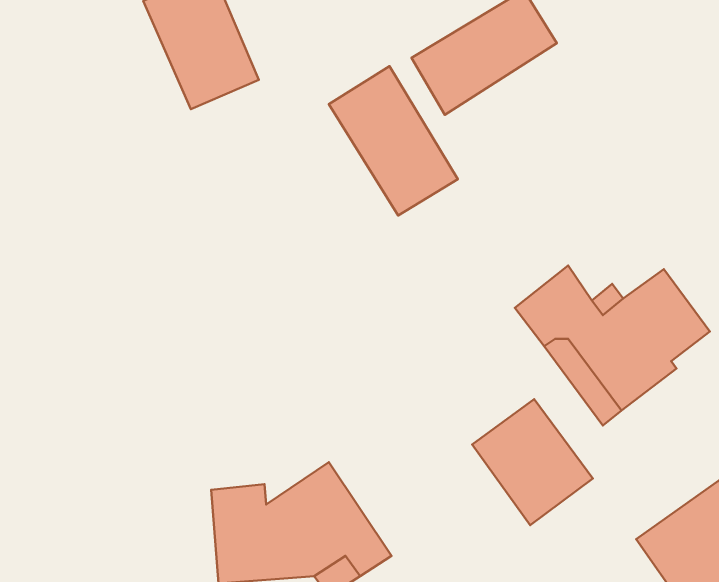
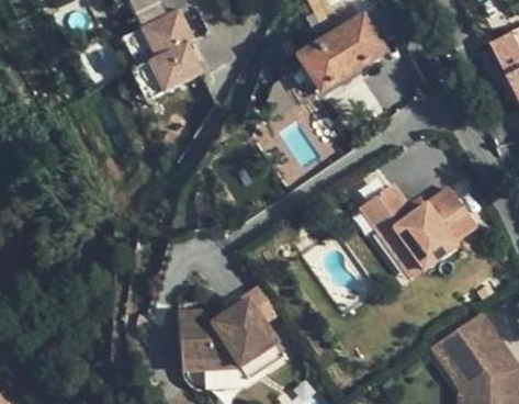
building: [329,66,458,215] -> none
building: [472,399,593,525] -> none

